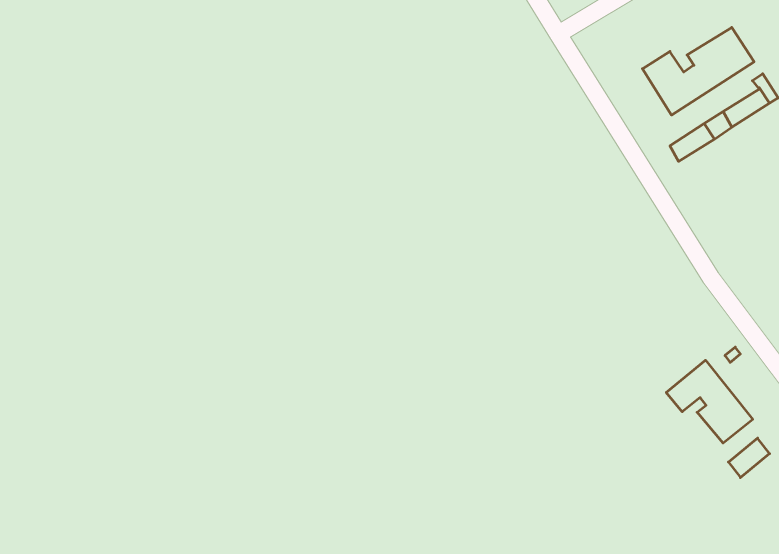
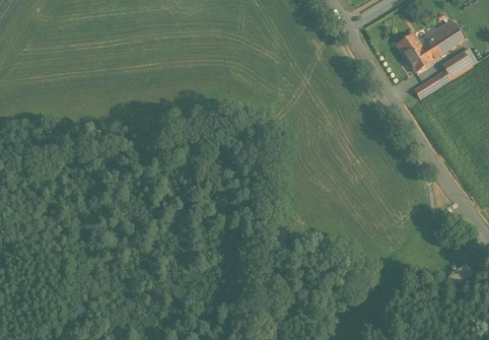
building: [666,360,753,443] -> none

